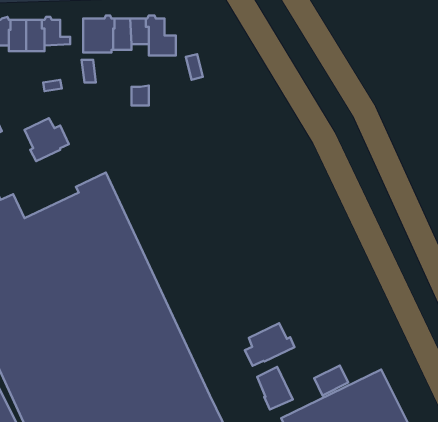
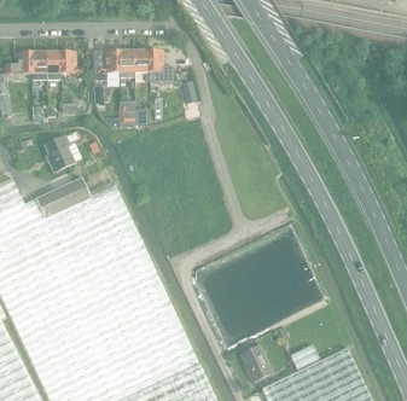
building: none -> [35,179,91,221]
building: [245,323,295,366] -> none

